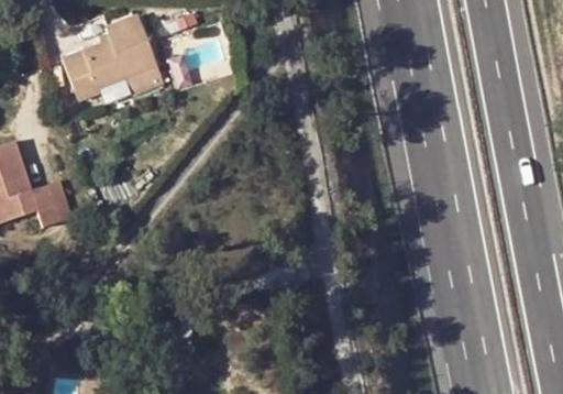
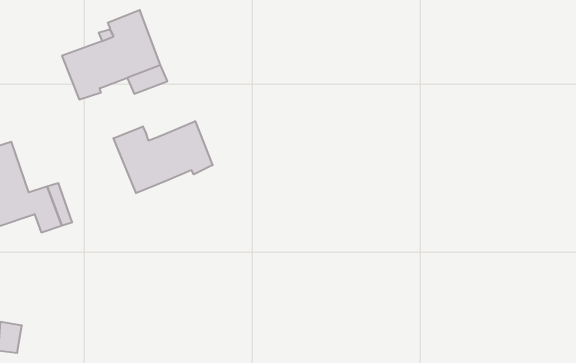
building: none -> [113,121,213,193]

